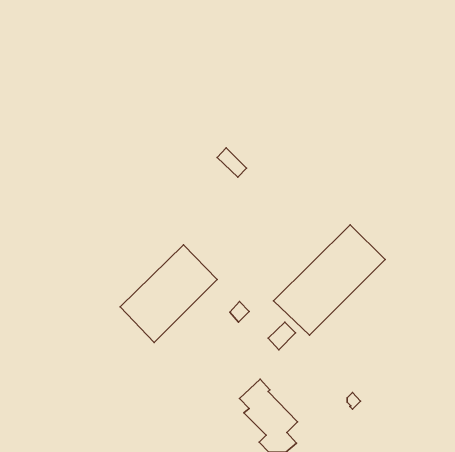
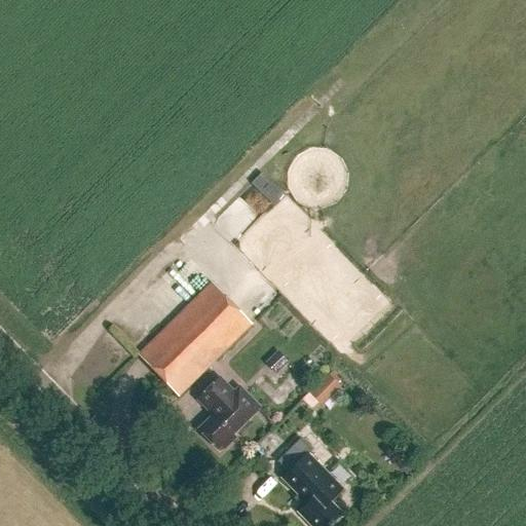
building: [273,225,385,335] -> none
building: none -> [198,377,258,448]

